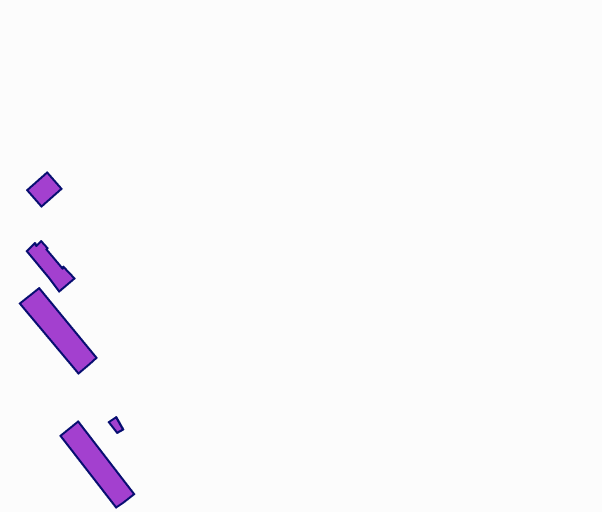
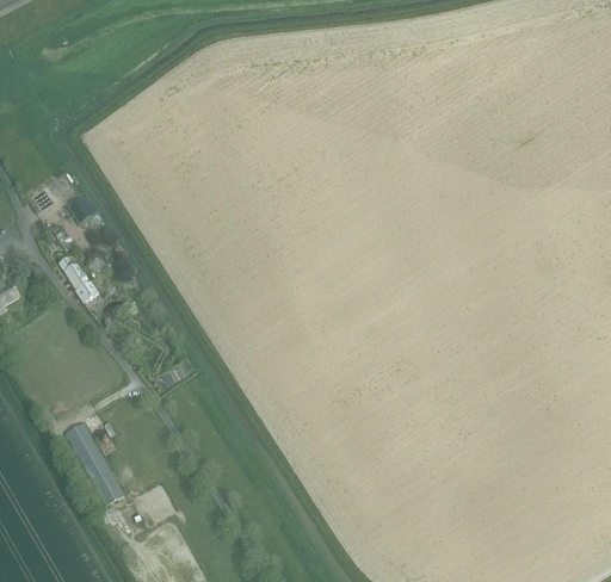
building: [20,288,97,373] -> none

